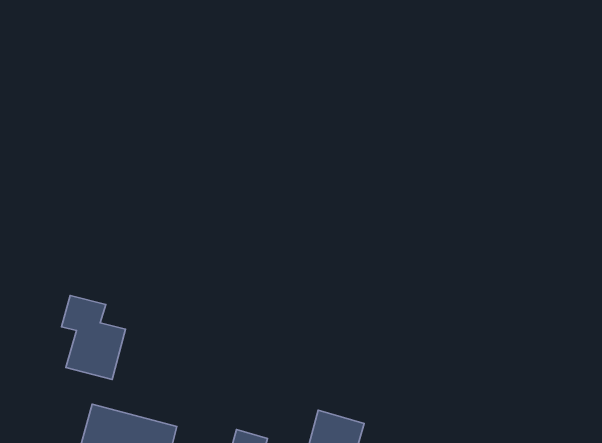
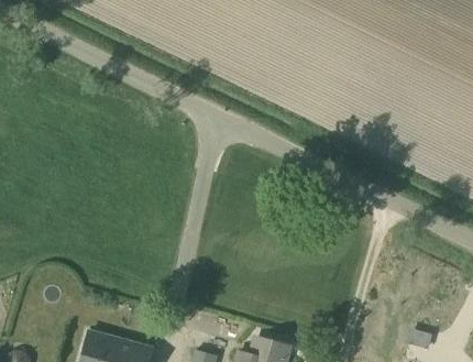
building: [61,295,126,380] -> none

